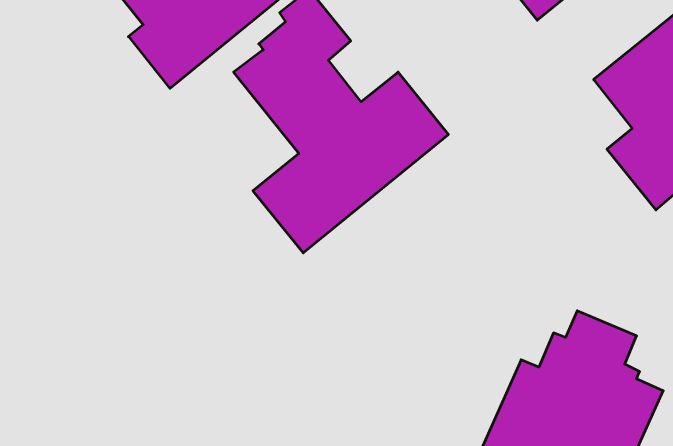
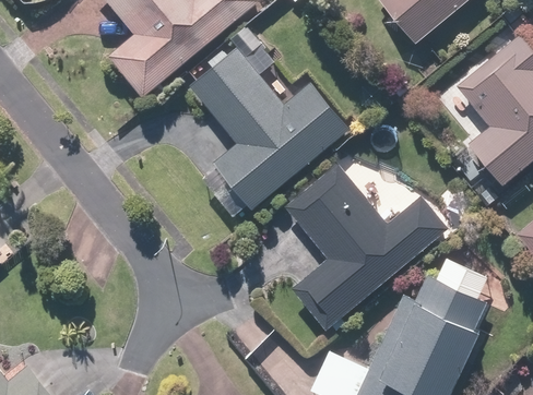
building: none -> [285,163,449,327]

